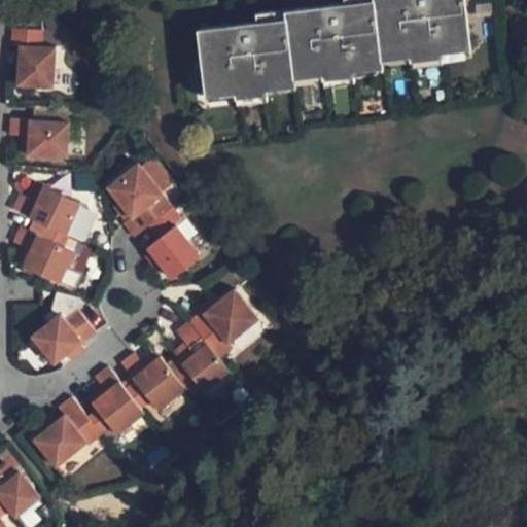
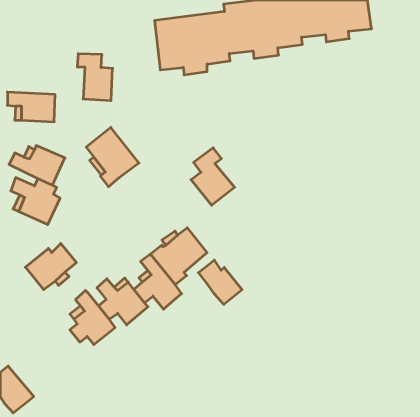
building: [10,29,55,87] -> [77,54,113,101]
building: [146,208,201,280] -> [191,148,235,205]
building: none -> [198,260,242,304]
building: [33,397,102,468] -> none

